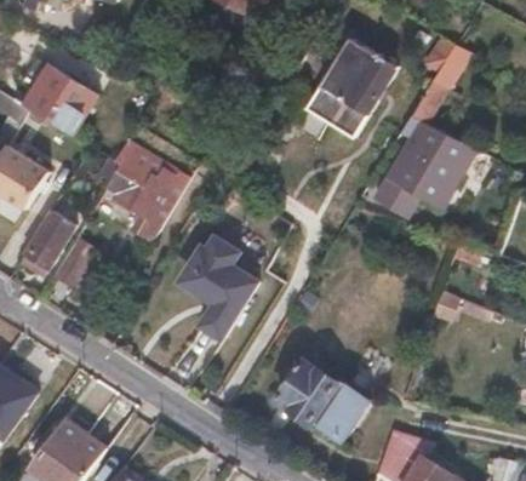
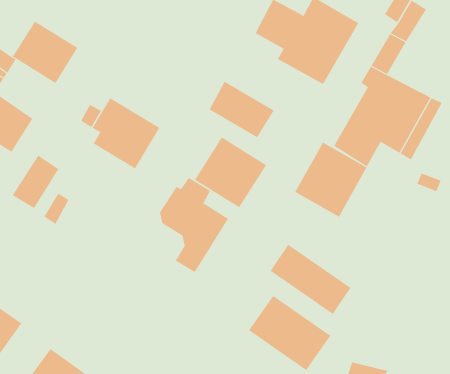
building: none -> [209,81,274,138]
building: none -> [194,137,267,208]
building: none -> [295,142,367,217]
building: none -> [270,244,351,315]

